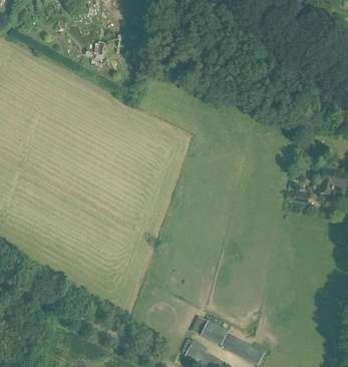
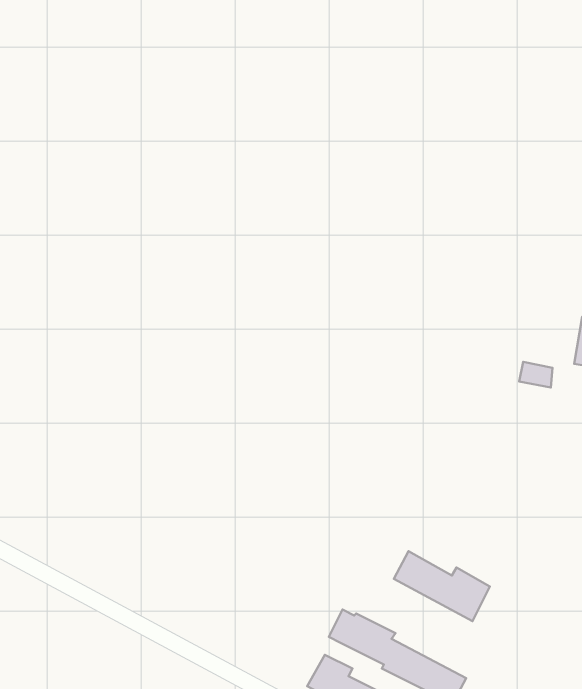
building: none -> [394,551,490,621]

